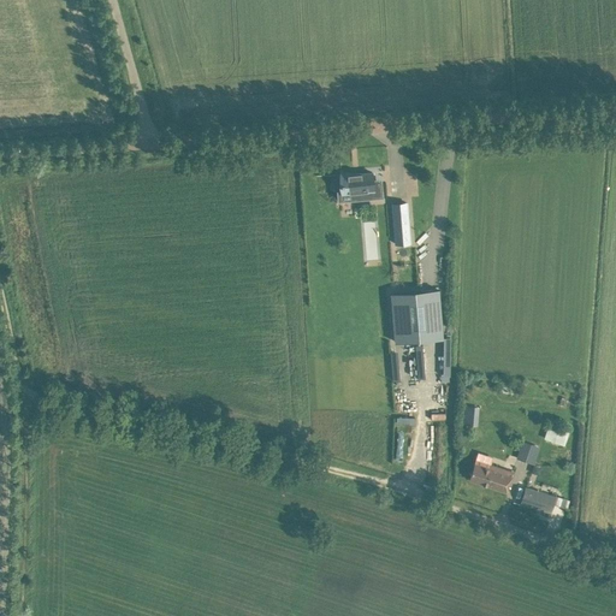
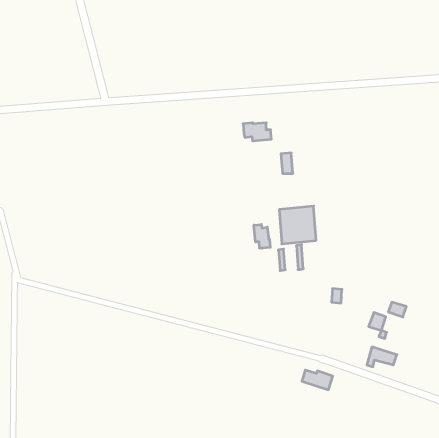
building: none -> [254,224,270,248]
building: [469,464,513,492] -> [302,370,333,390]

